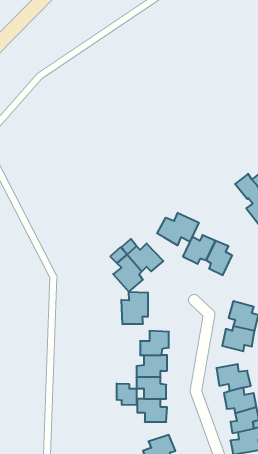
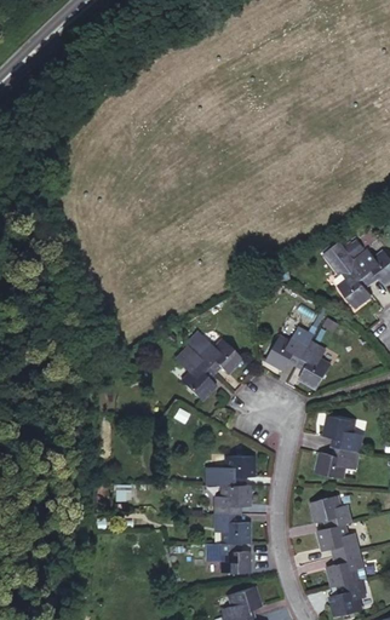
building: [157,213,199,245] -> none
building: [121,292,148,324] -> none
building: [117,383,136,405] -> none

